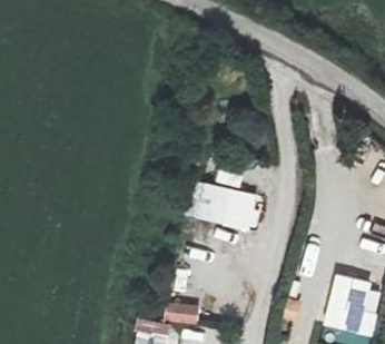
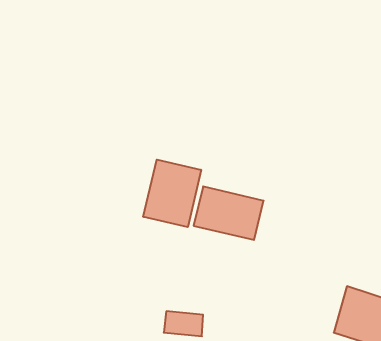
building: none -> [143,160,201,227]

